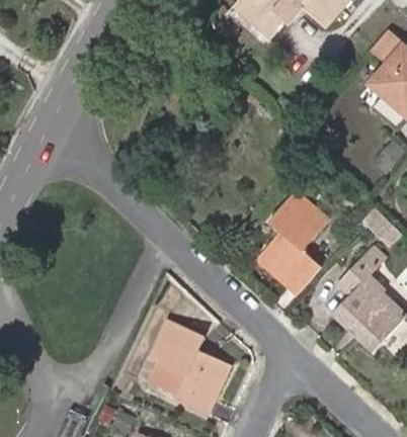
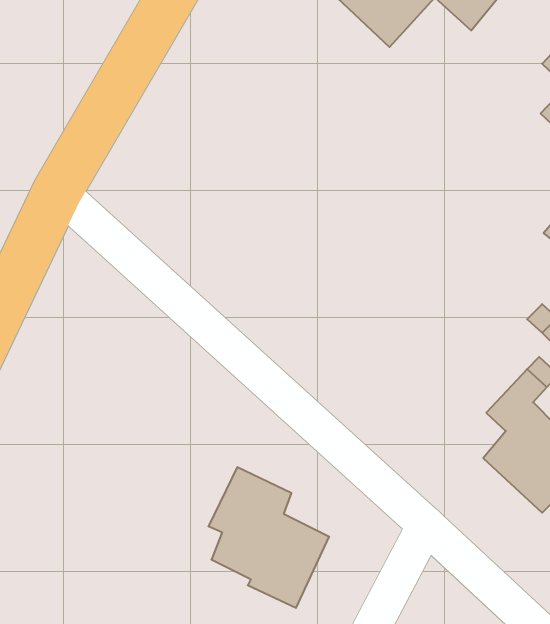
building: [256,190,329,294] -> none

